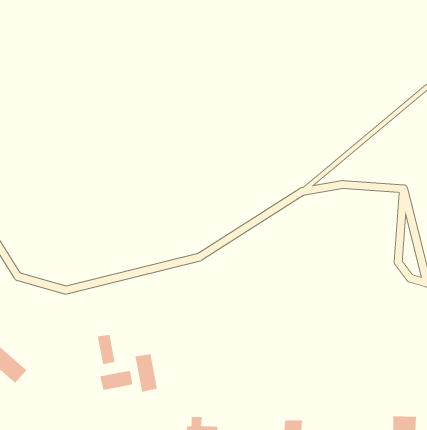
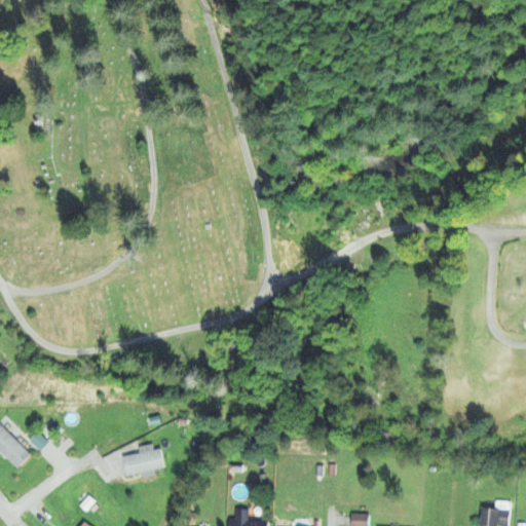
building: [97,334,115,365] -> none
building: [135,353,157,393] -> none

